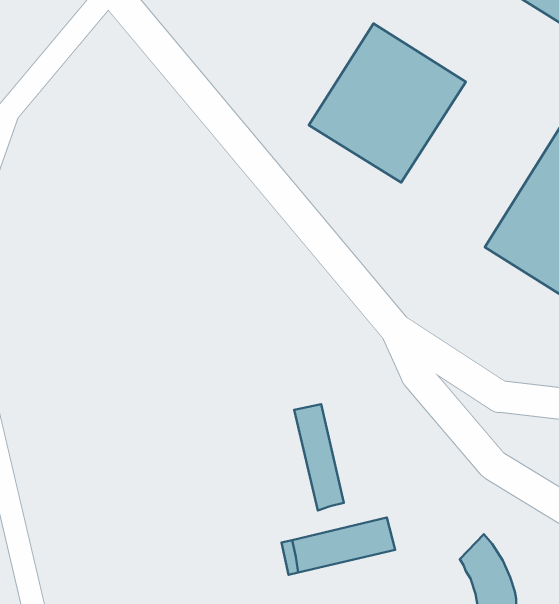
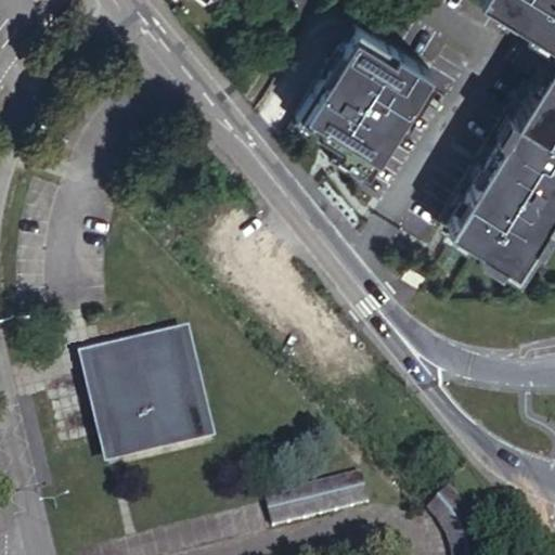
building: none -> [81,326,218,463]
building: [294,404,344,510] -> none

